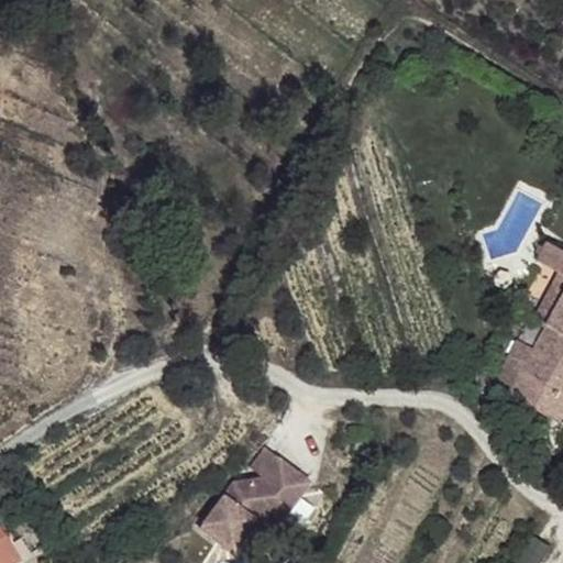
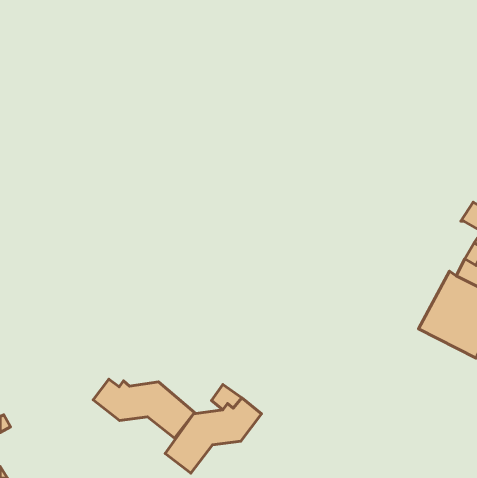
building: none -> [93,379,195,438]

